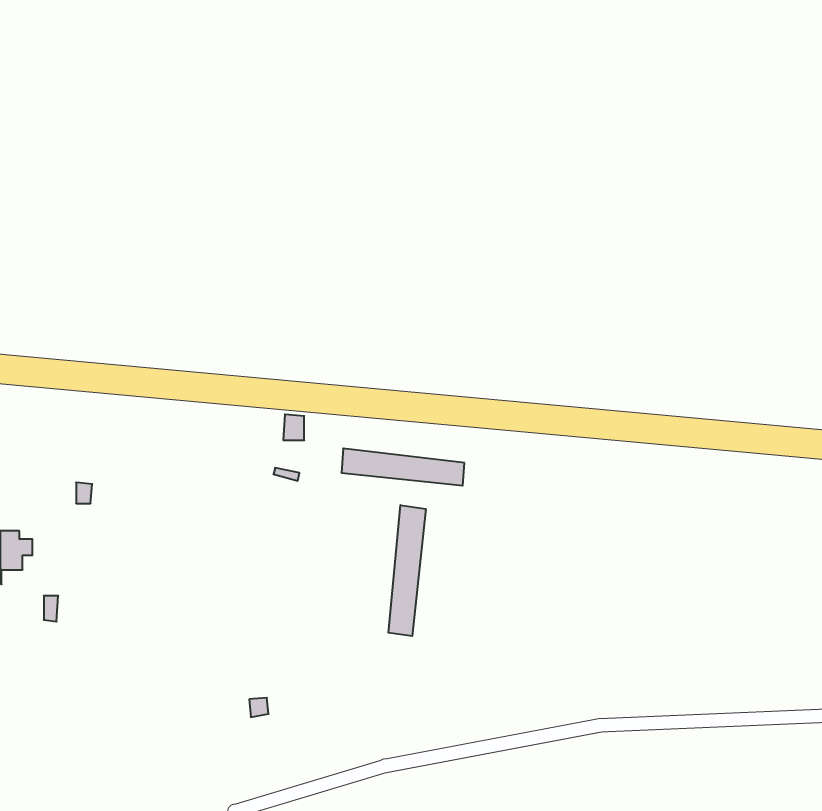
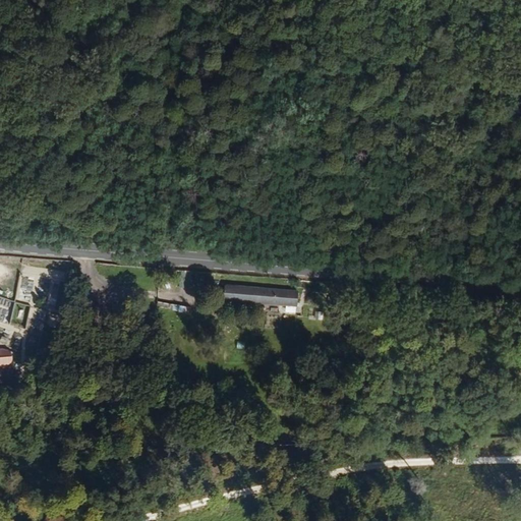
building: [388,505,426,636] -> none

